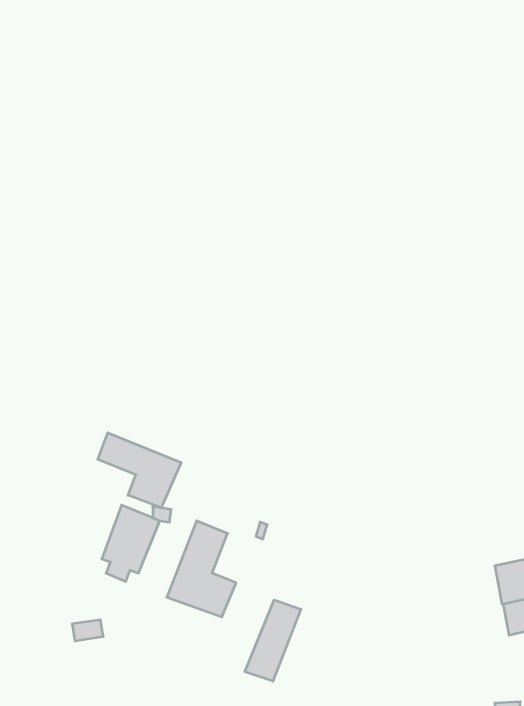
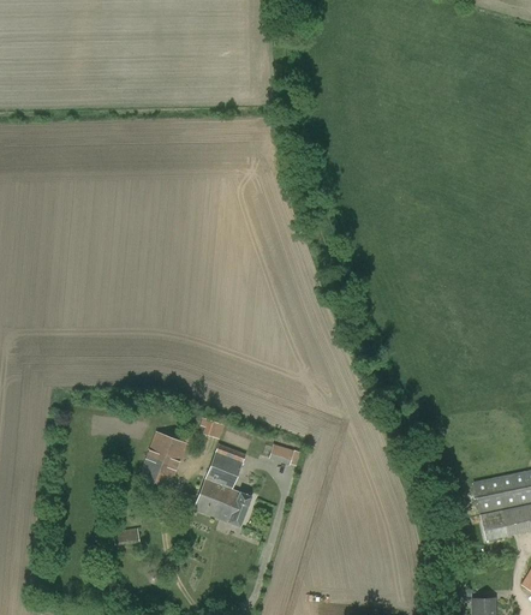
building: [98,433,181,508] -> none
building: [245,600,301,681] -> none

